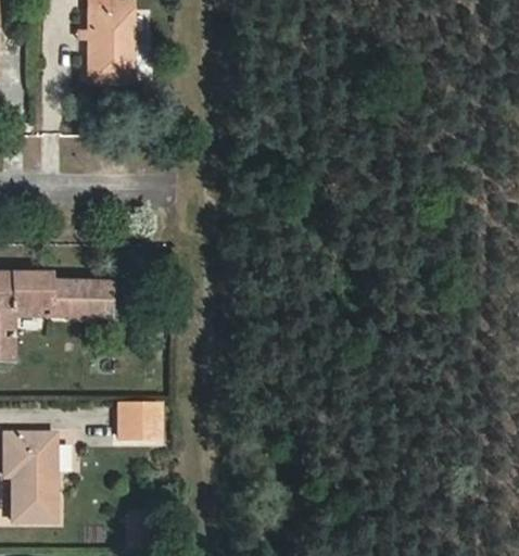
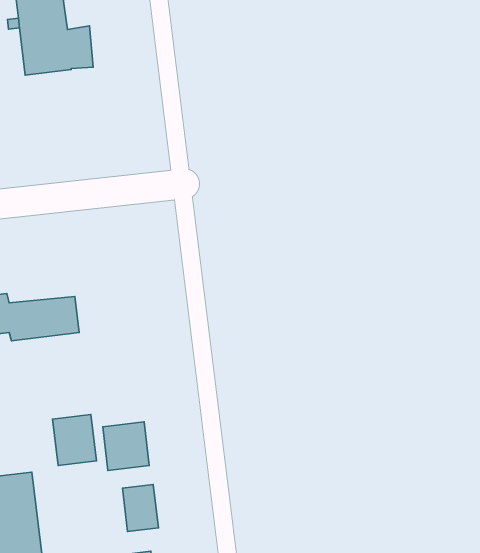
building: none -> [53,415,96,465]
building: none -> [122,484,159,532]

